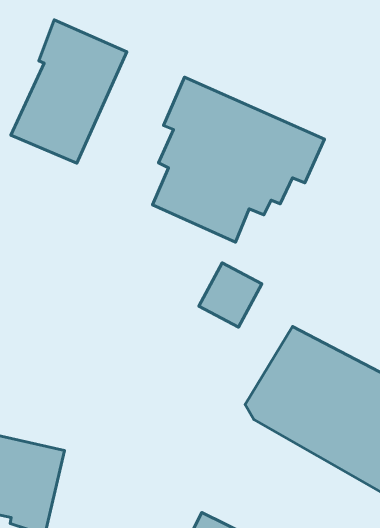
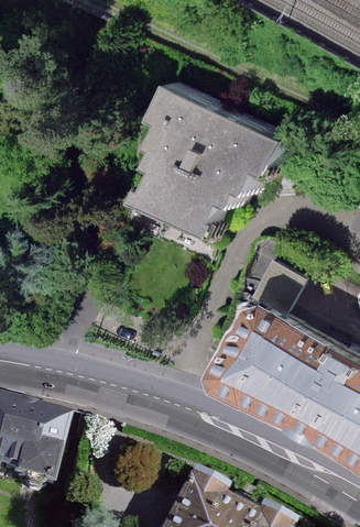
building: [11,20,127,163] -> none
building: [199,263,262,327] -> [244,253,301,310]

